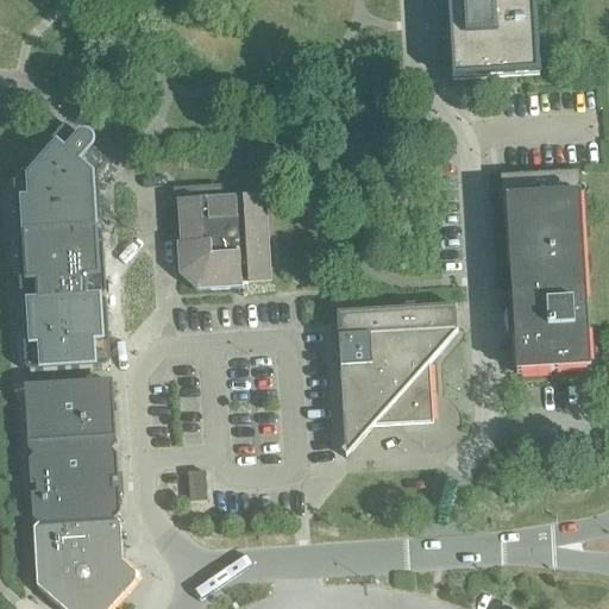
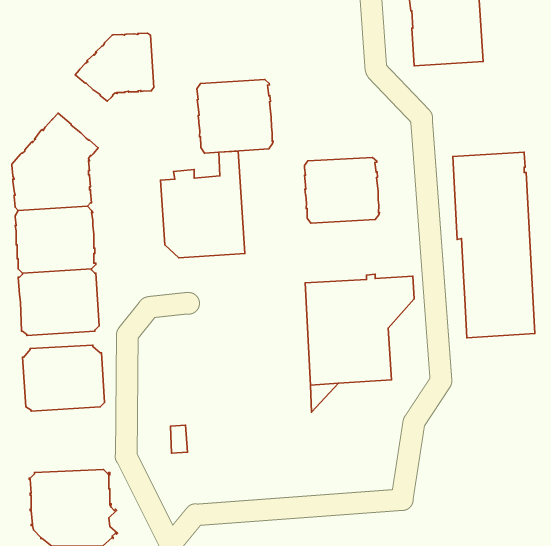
building: none -> [75,33,154,101]
building: none -> [197,79,273,153]
building: none -> [304,157,380,223]
building: [29,448,119,521] -> none

